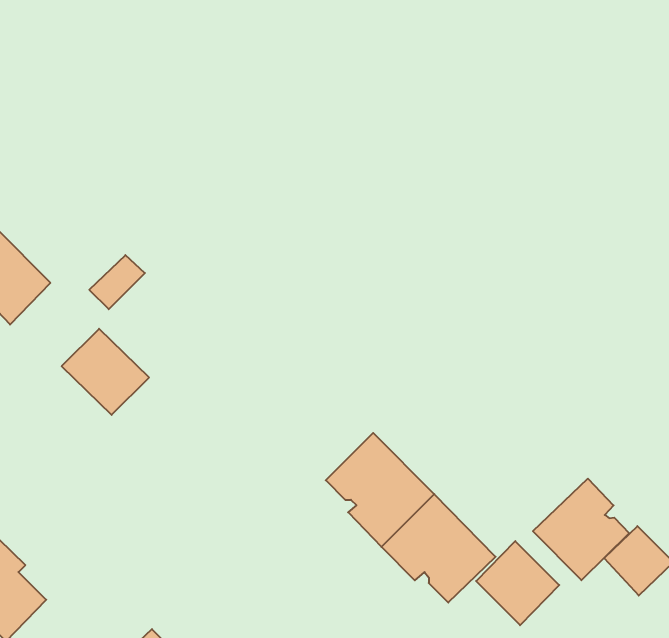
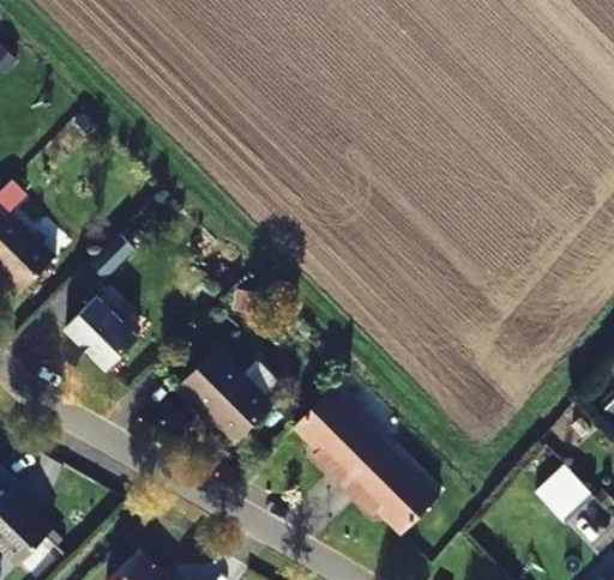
building: none -> [177,349,281,442]
building: [533,479,629,580] -> none
building: [476,541,559,625] -> none

